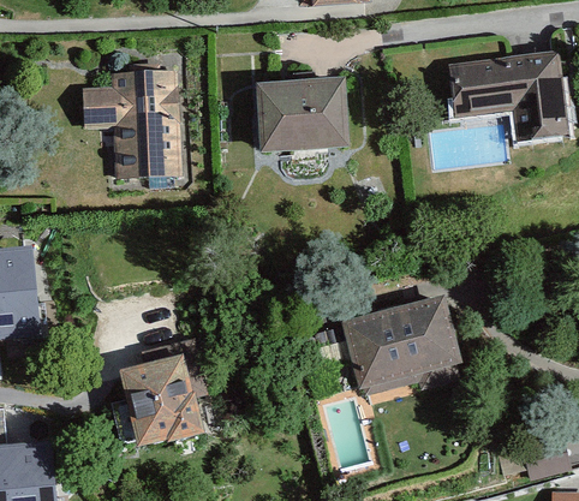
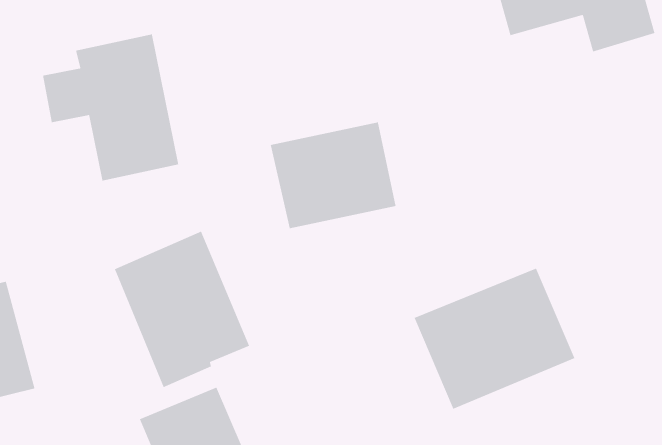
building: [259,77,351,150] -> [270,121,396,229]
building: none -> [114,231,250,388]

